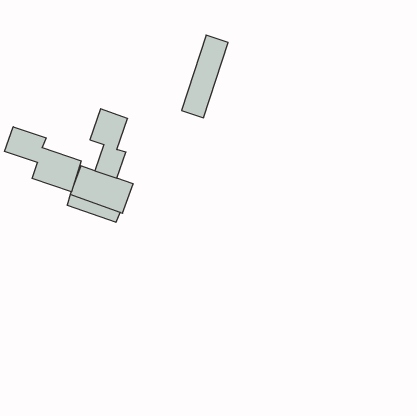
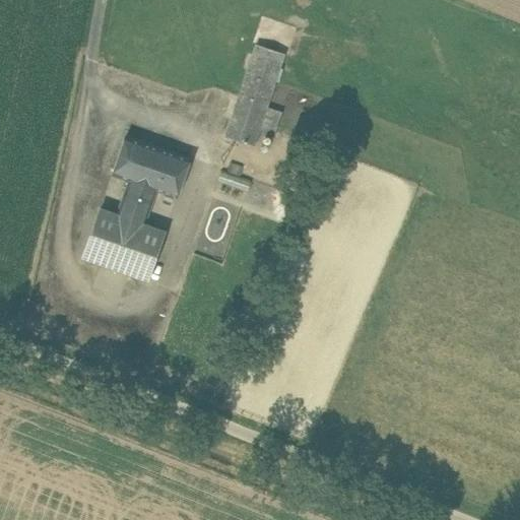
building: none -> [146,149,191,198]
building: [5,127,81,192] -> none

